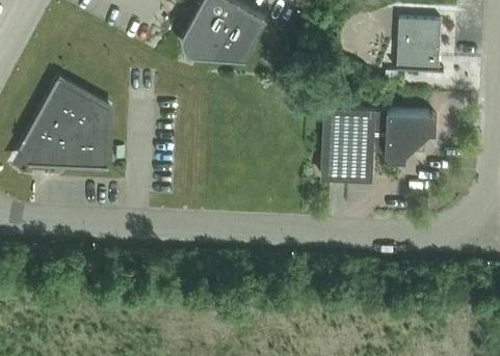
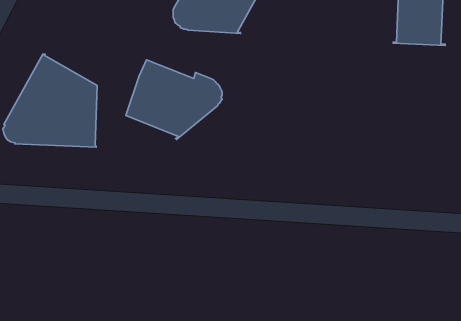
building: none -> [126,60,222,139]
building: [321,108,437,181] -> none

